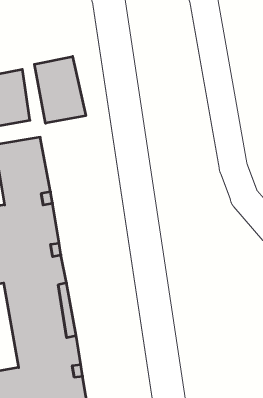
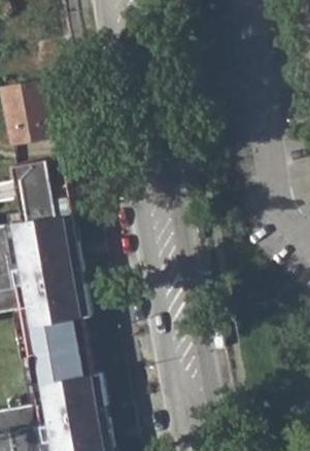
building: [34,56,86,123] -> none

